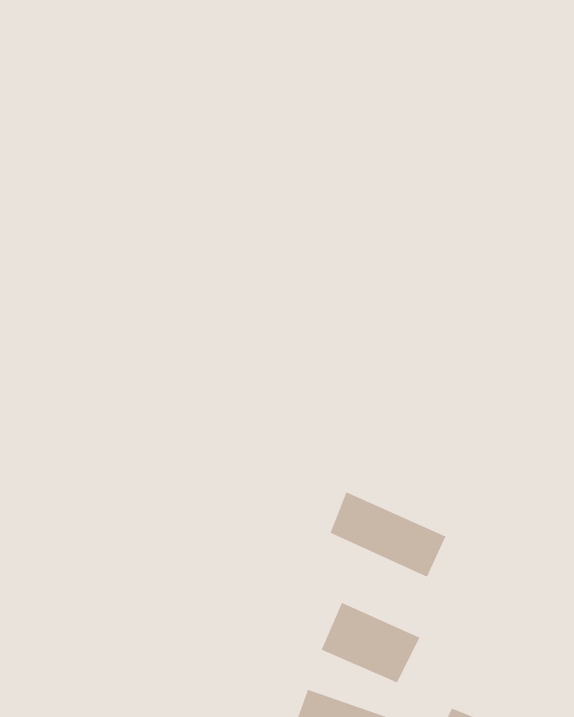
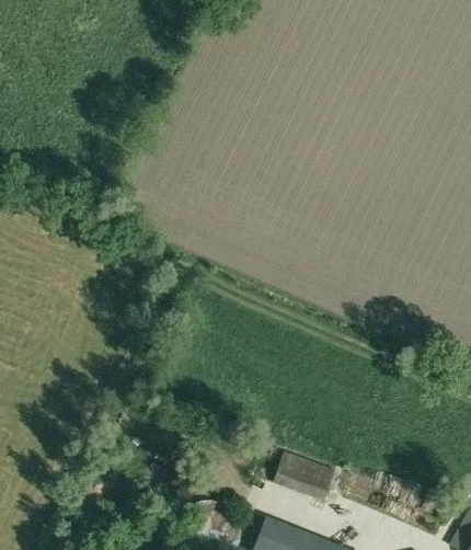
building: [330,491,446,578] -> none

